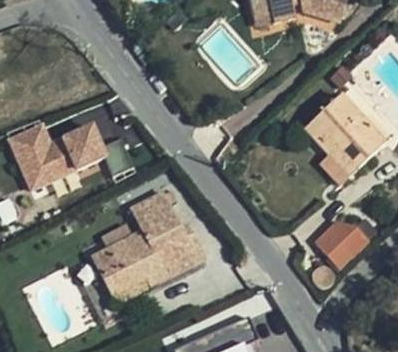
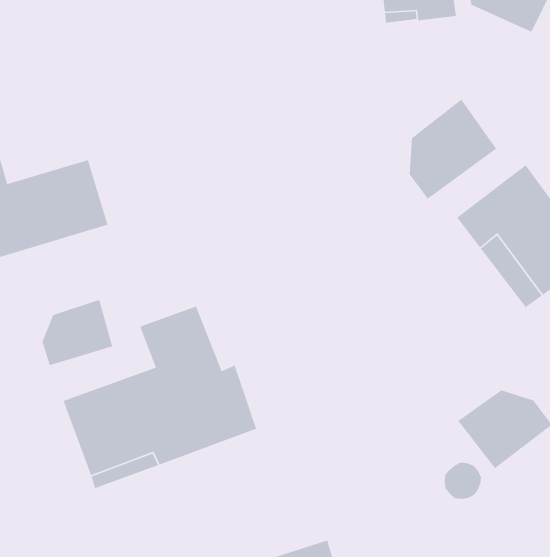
building: none -> [409,99,497,200]
building: none -> [42,299,113,366]

